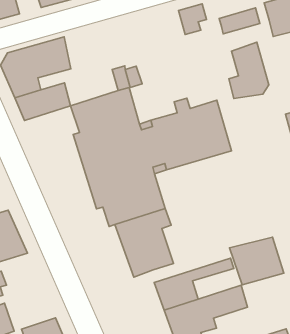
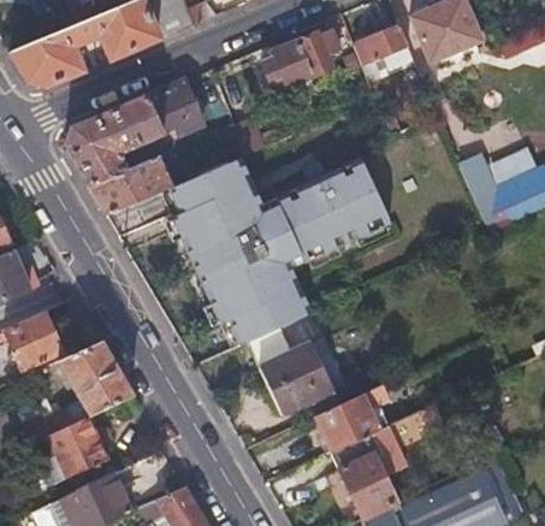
building: none -> [265,41,312,89]
building: none -> [147,81,202,141]
building: [229,42,269,98] -> none
building: [230,237,284,285] -> none

